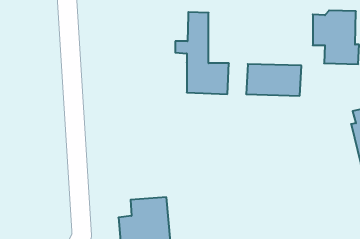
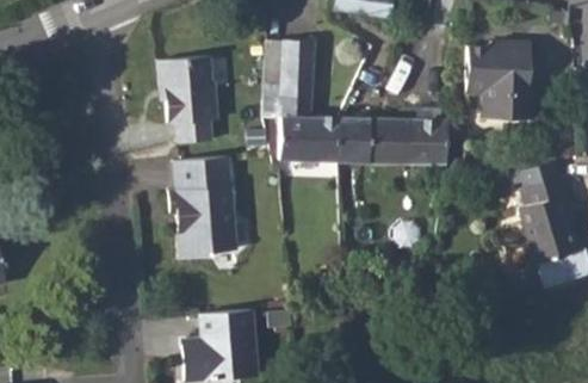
building: none -> [160,61,218,147]
building: none -> [340,117,370,162]
building: none -> [169,161,236,262]

